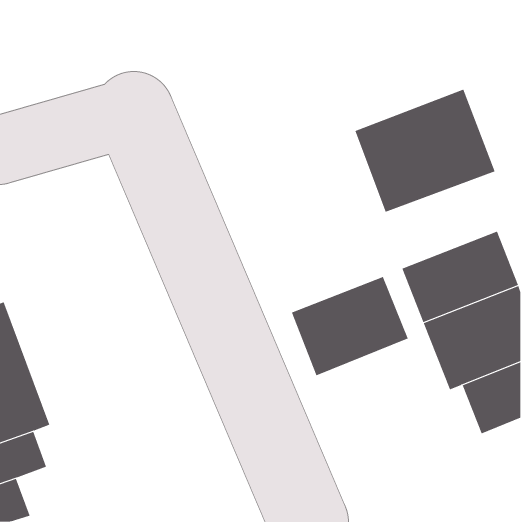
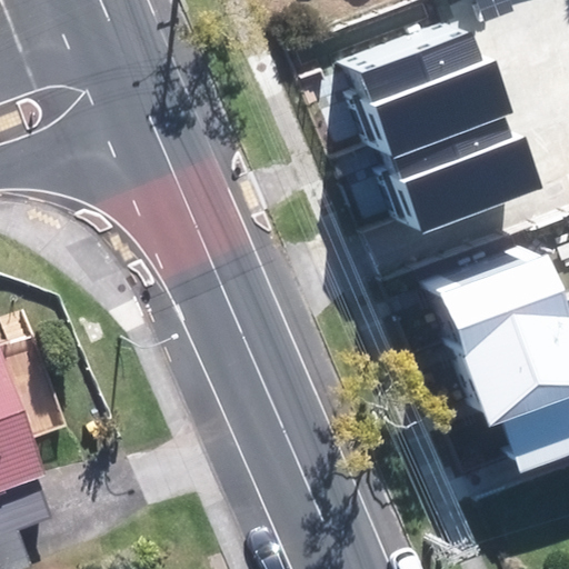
building: none -> [356,18,505,142]
building: [291,276,408,376] -> none

